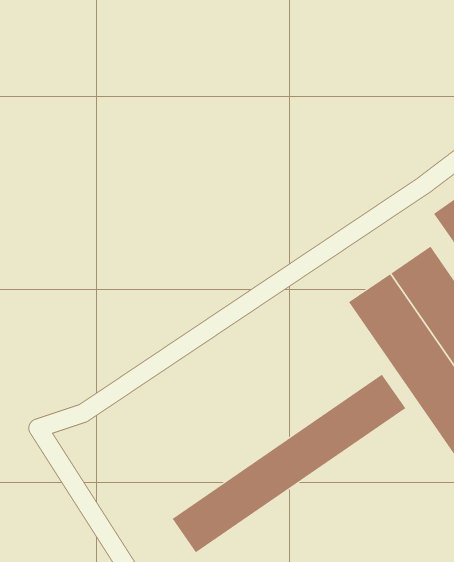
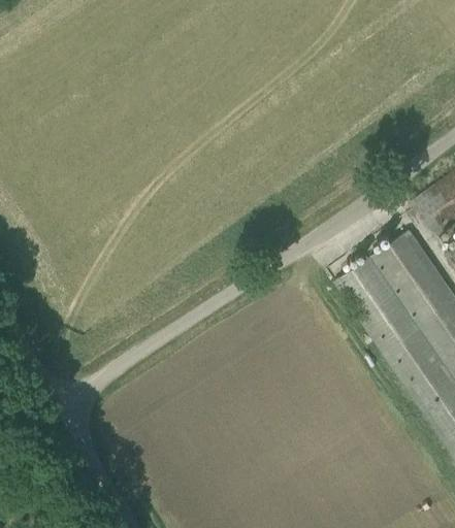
building: [172,374,406,553] -> none

